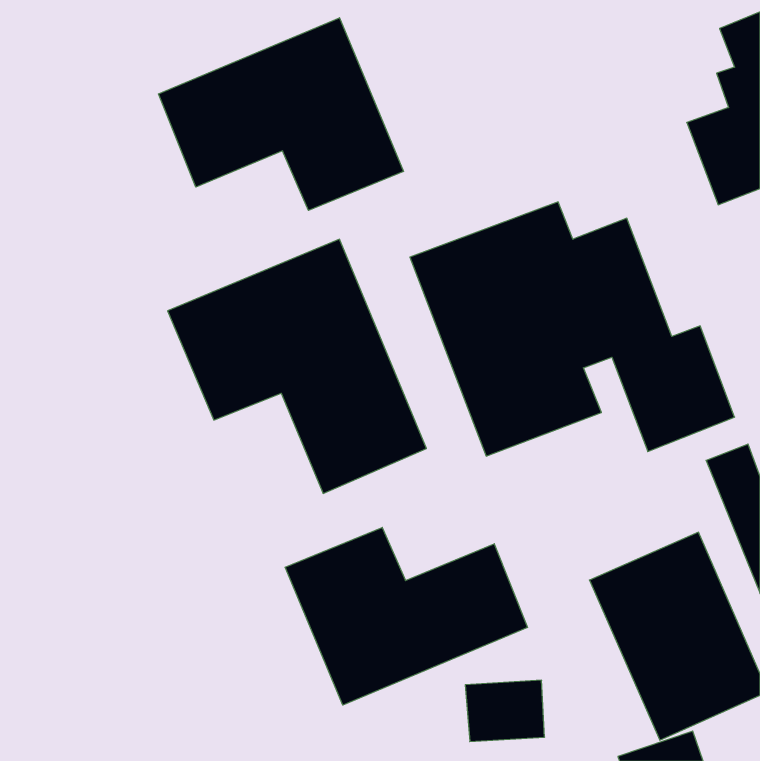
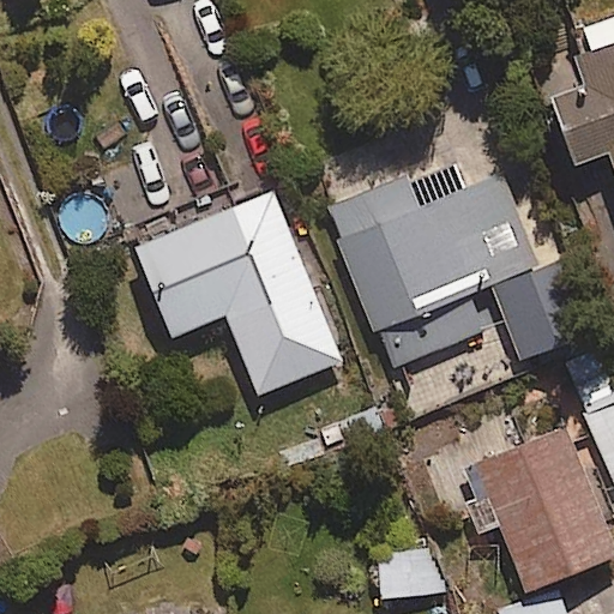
building: [158,18,404,210] -> none
building: [285,527,528,705] -> none

